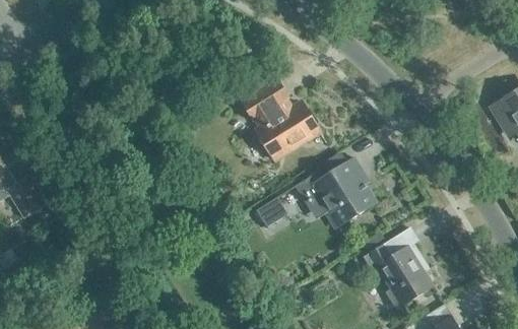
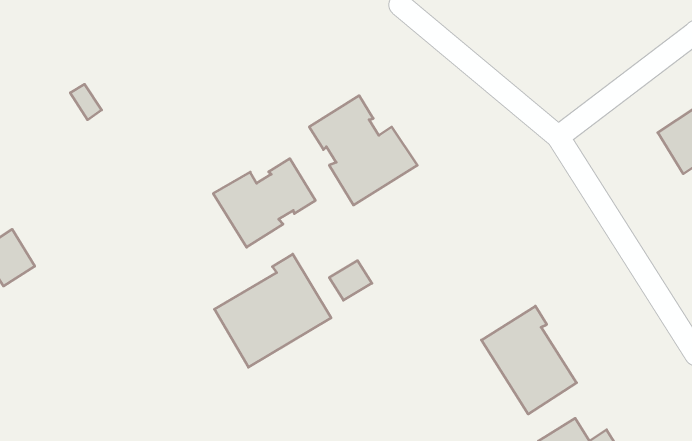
building: none -> [213,159,315,247]
building: [295,157,375,228] -> none
building: none -> [214,254,331,367]

